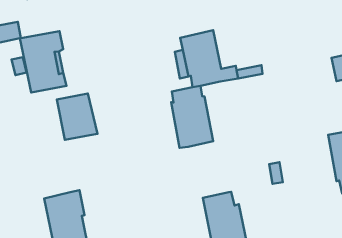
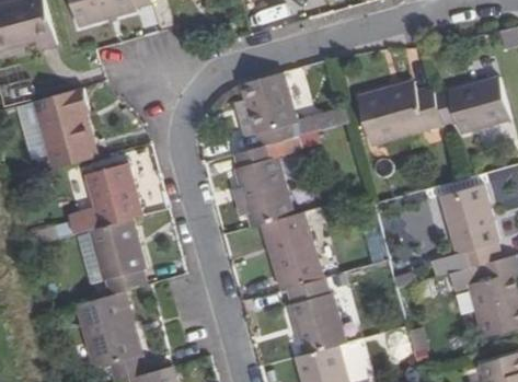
building: none -> [356,88,445,147]
building: none -> [90,219,148,294]
building: none -> [260,212,316,290]

